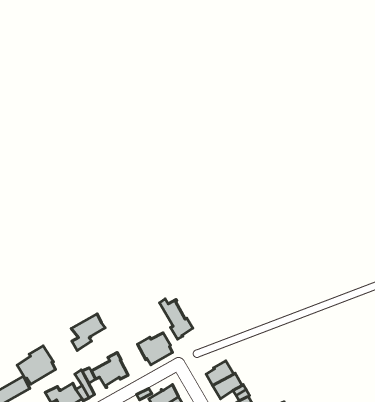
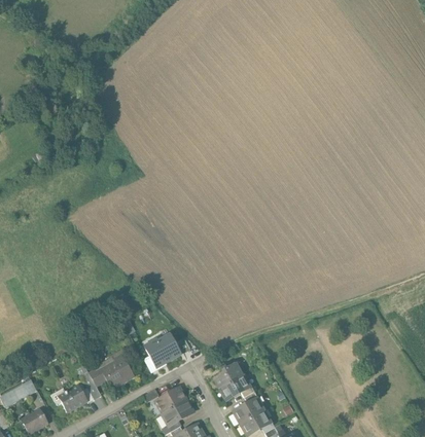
building: [159,299,193,339] -> none
building: [71,314,105,351] -> none
building: [17,346,56,384] -> none

